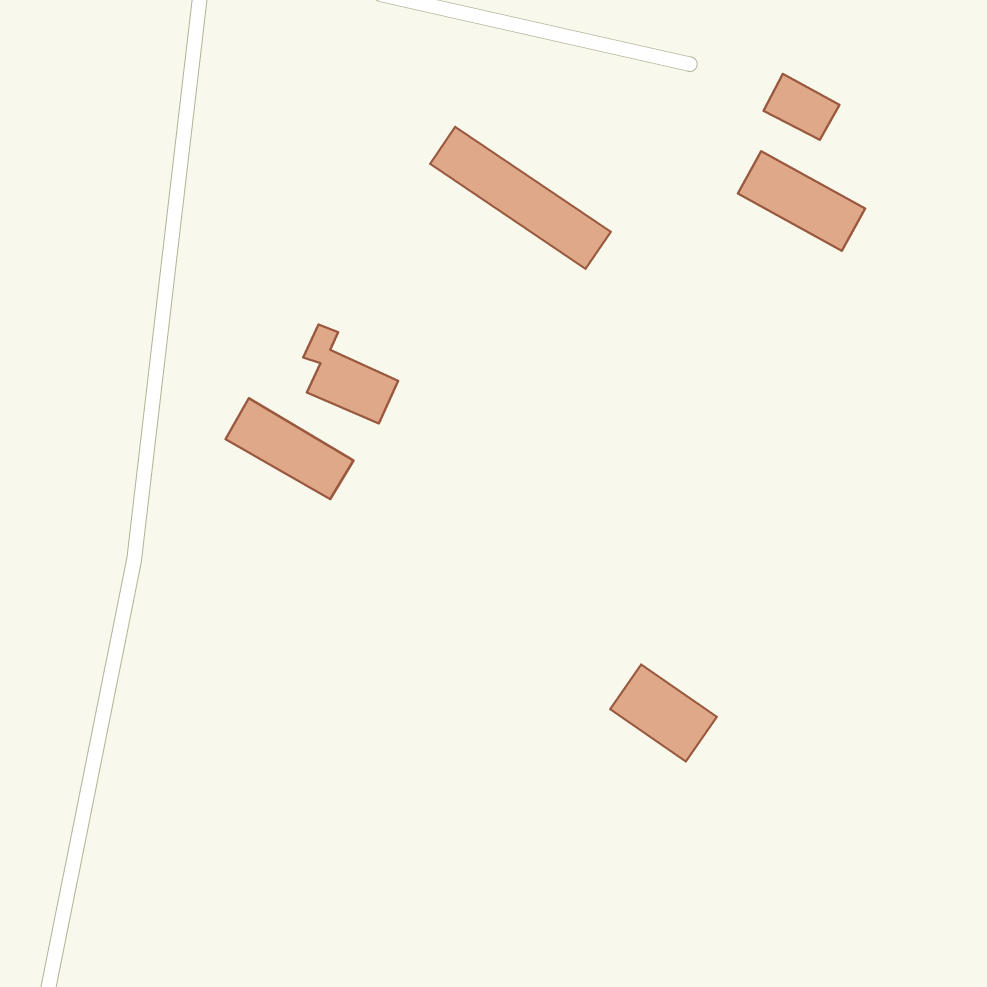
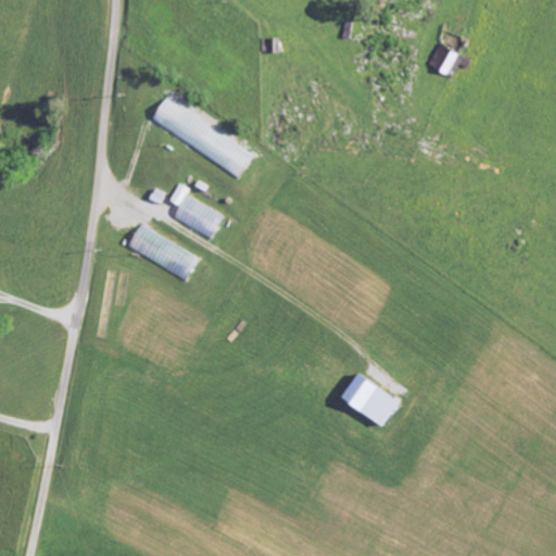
building: [430,127,611,269] -> [153,97,254,176]
building: [738,151,865,251] -> none

